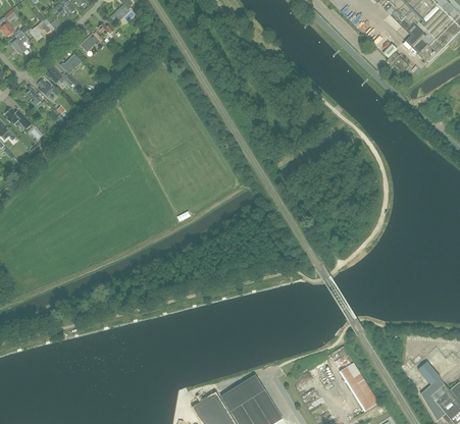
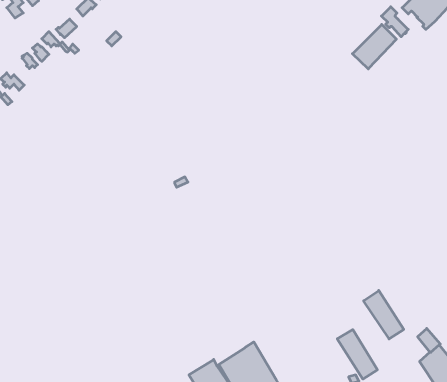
building: none -> [352,24,396,69]
building: none -> [364,290,404,339]

